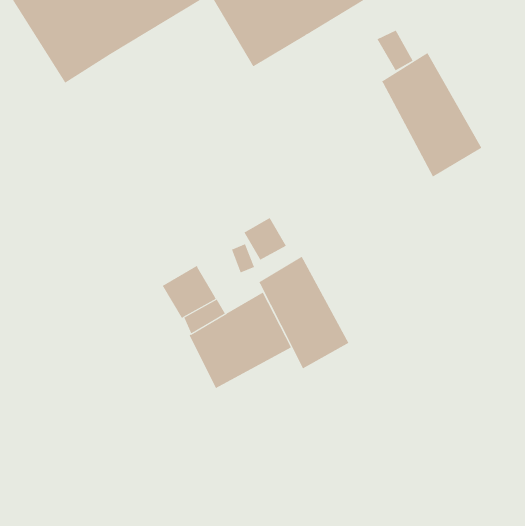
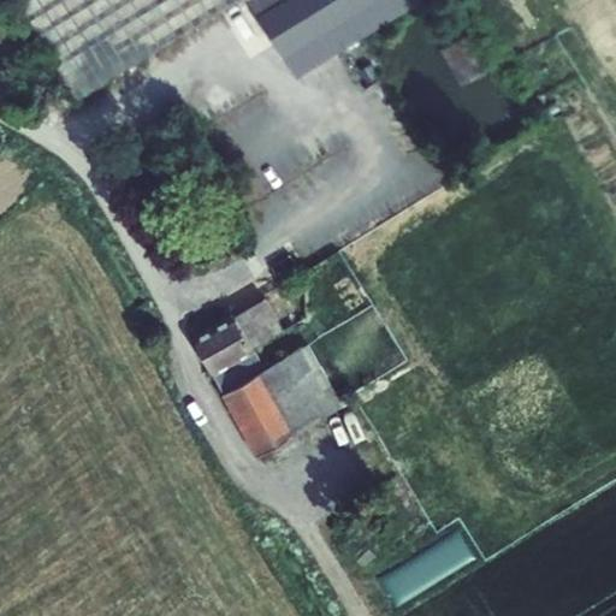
building: [381,52,482,177] -> none
building: [243,217,287,260] -> [231,294,282,344]
building: [258,256,349,369] -> none

